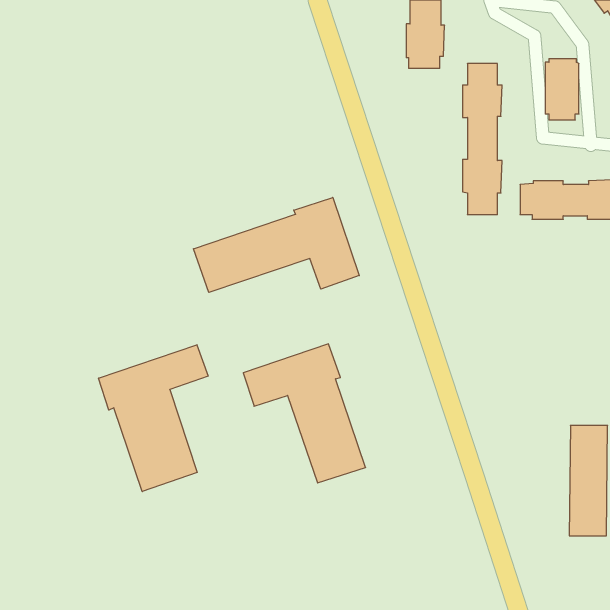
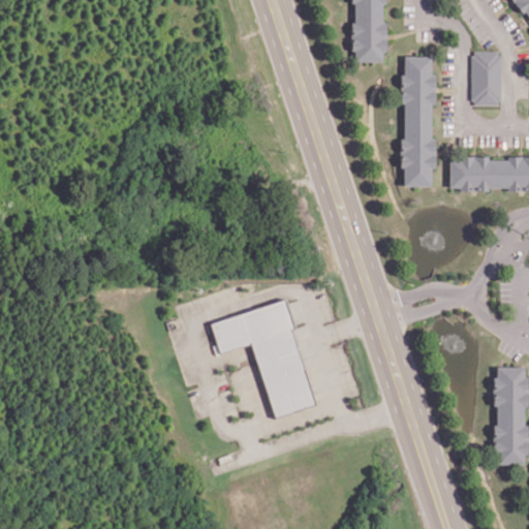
building: [193,197,359,292] -> none
building: [99,345,208,492] -> none

